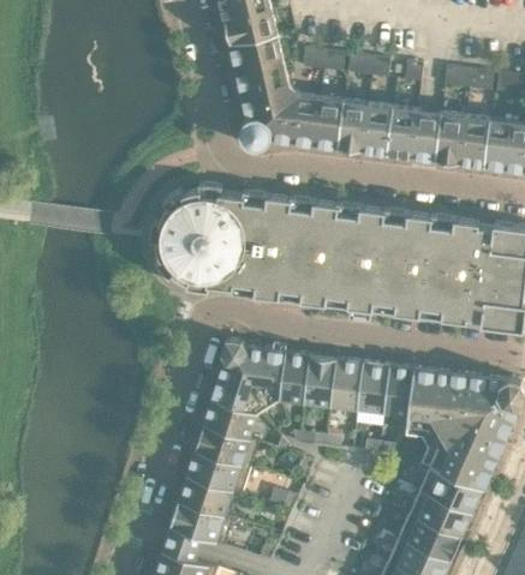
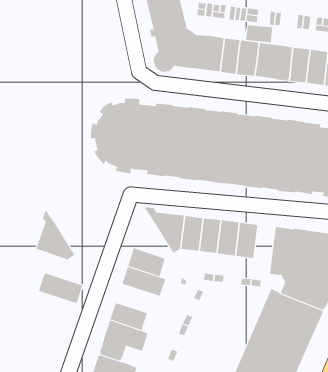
building: none -> [245,24,273,43]
building: [210,340,267,413] -> [36,208,75,260]
building: [382,365,412,415] -> none
building: [185,449,249,493] -> [38,272,83,304]

